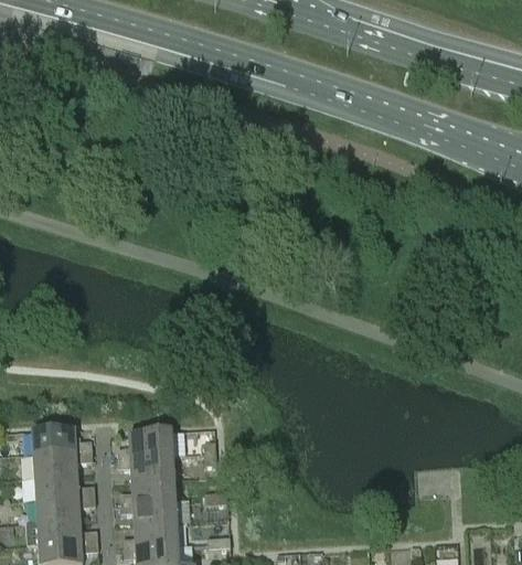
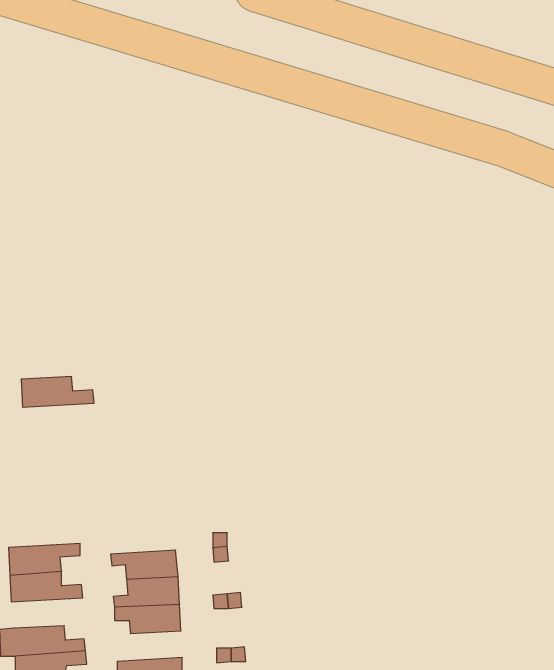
building: [32,430,93,456] -> [21,377,94,407]
building: [118,434,185,461] -> none
building: [35,498,96,523] -> none
building: [124,525,178,551] -> none

